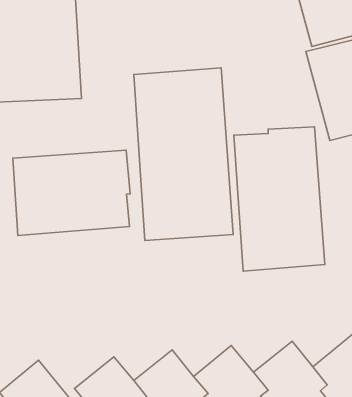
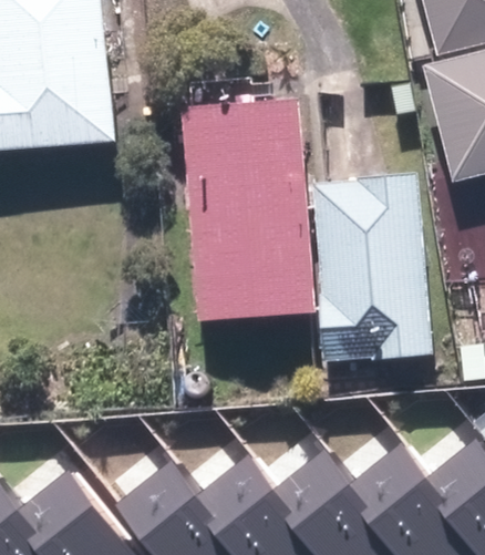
building: [13,150,130,235] -> none

